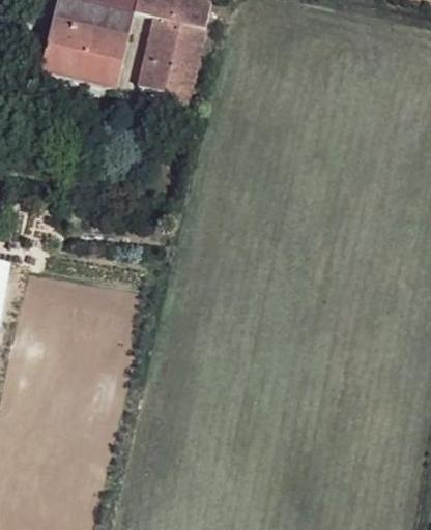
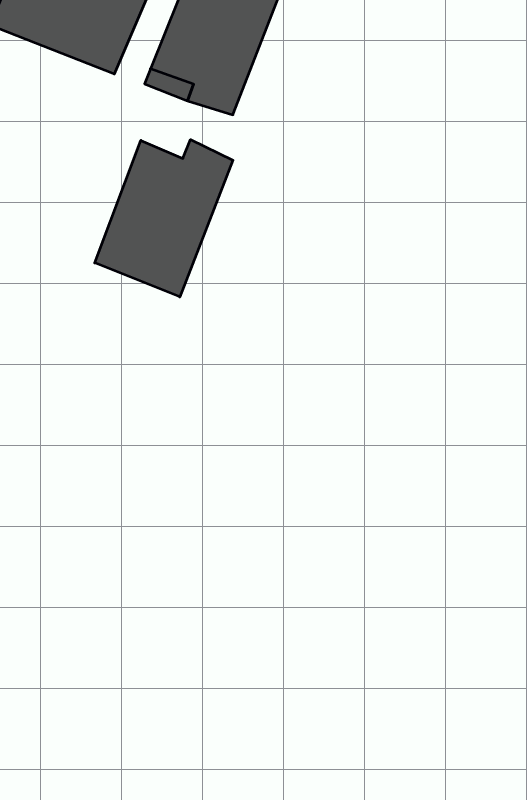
building: none -> [95,140,233,297]

